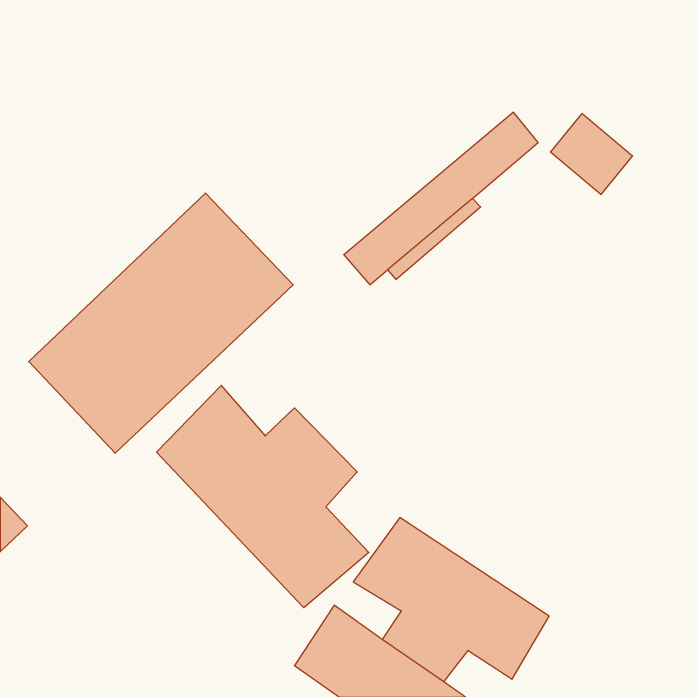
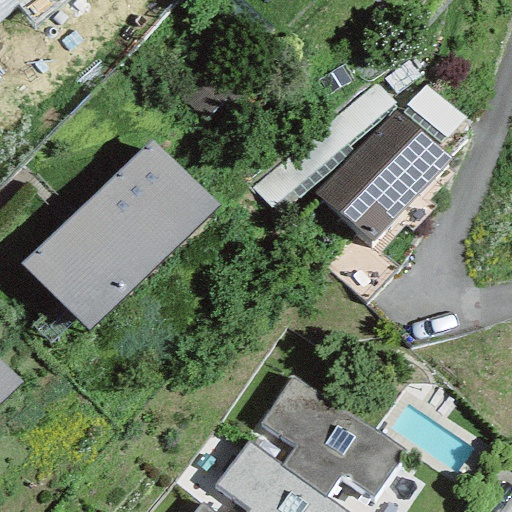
building: none -> [317,113,450,240]
building: [157,385,369,608] -> none

